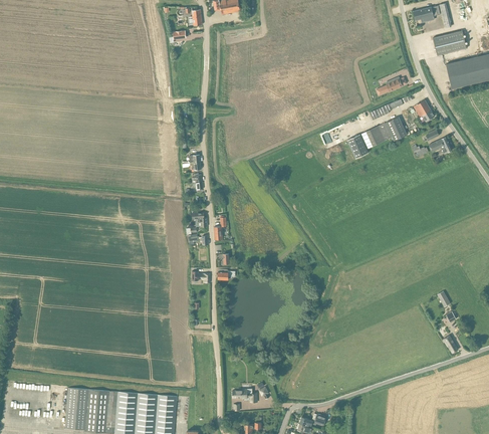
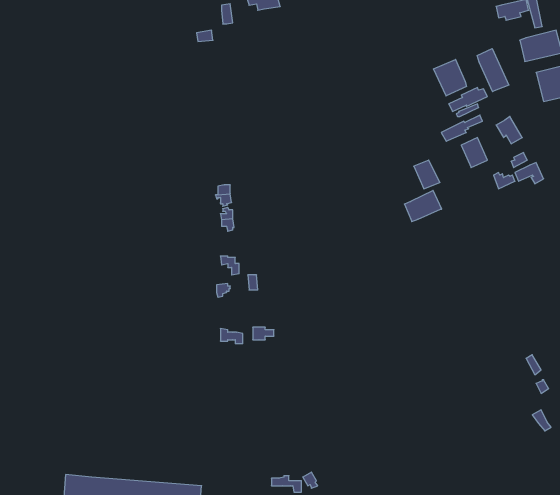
building: none -> [477,49,509,92]
building: none -> [434,59,466,96]
building: [361,123,392,148] -> [404,190,442,222]

